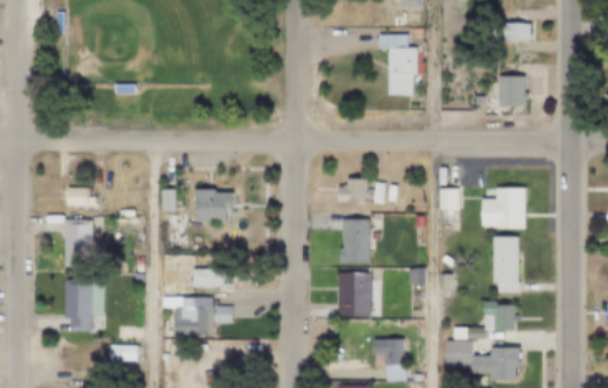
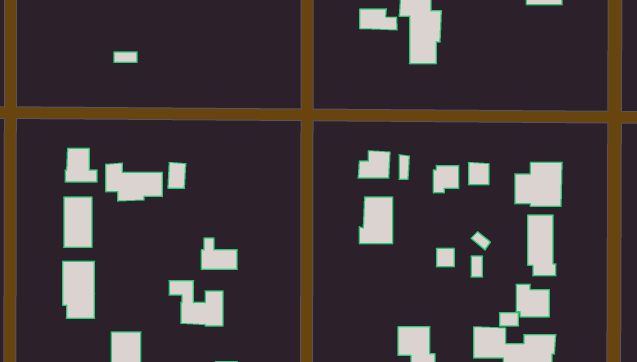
building: none -> [360,9,397,30]
building: [498,77,524,107] -> none
building: none -> [106,163,162,201]
building: [197,189,235,223] -> none
building: none -> [434,165,459,193]
building: [340,273,373,317] -> none

